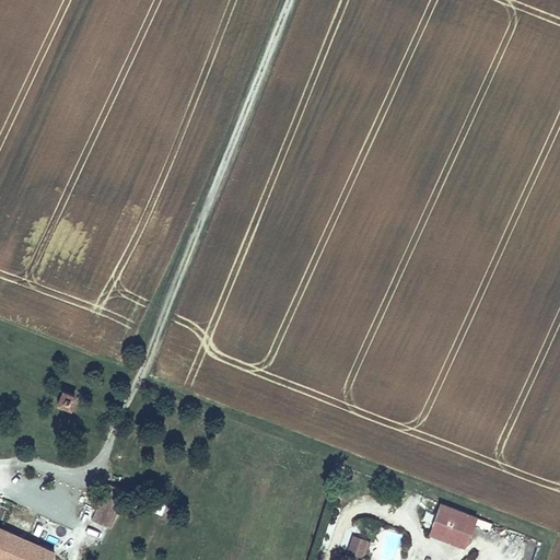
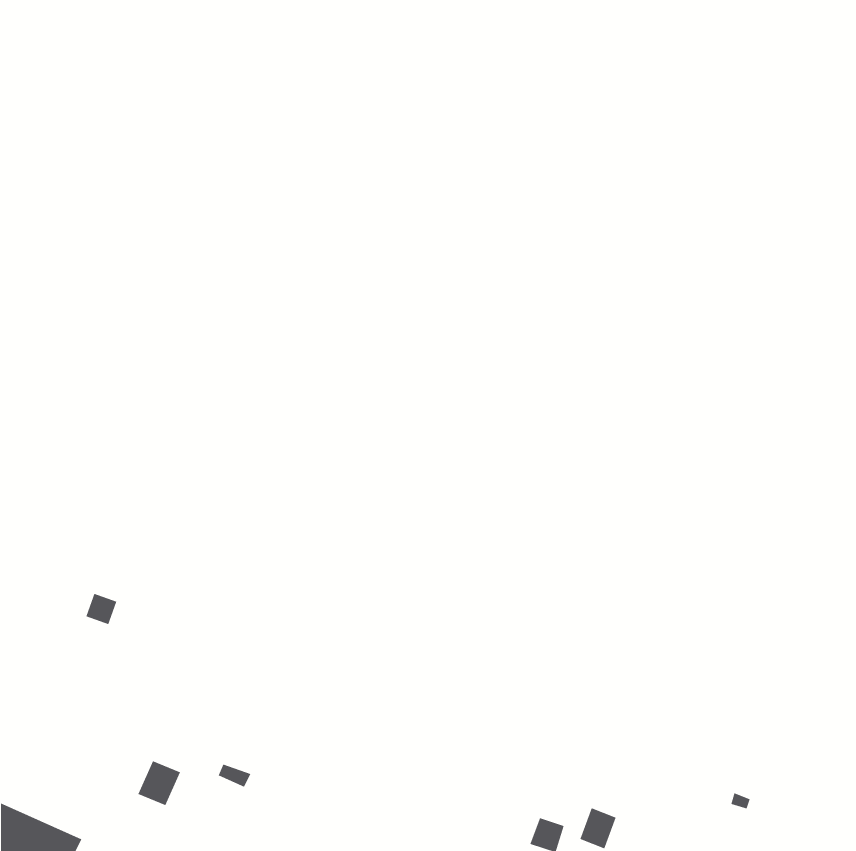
building: [428,504,476,550] -> none

